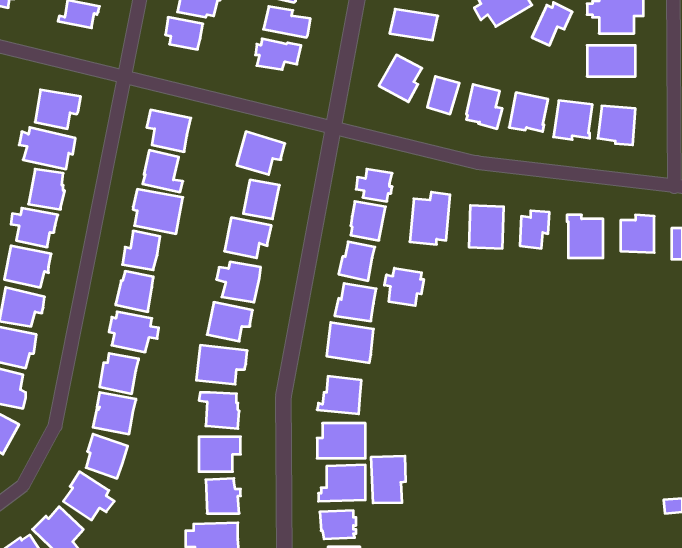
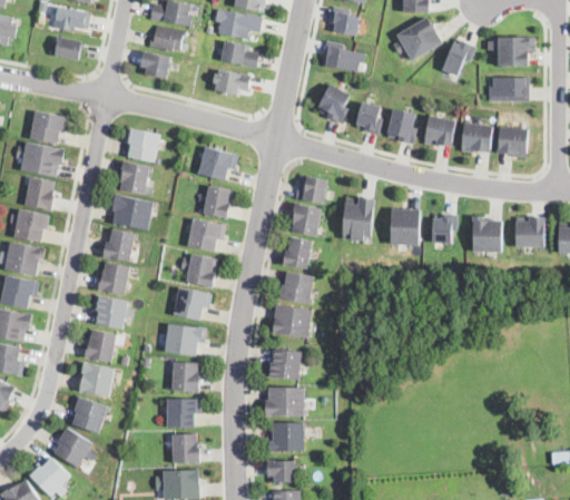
building: [384,268,424,306] -> none
building: [371,456,406,503] -> none

